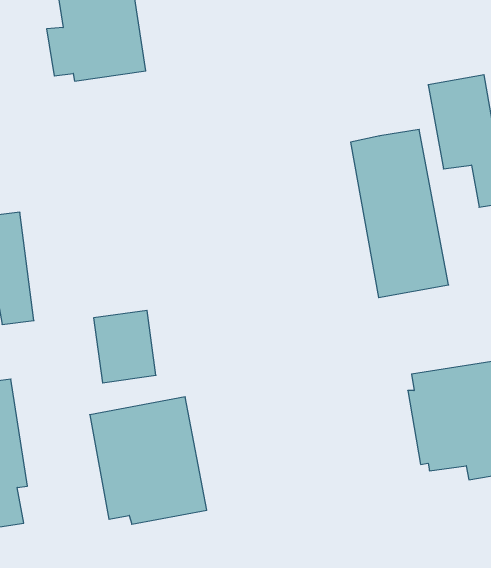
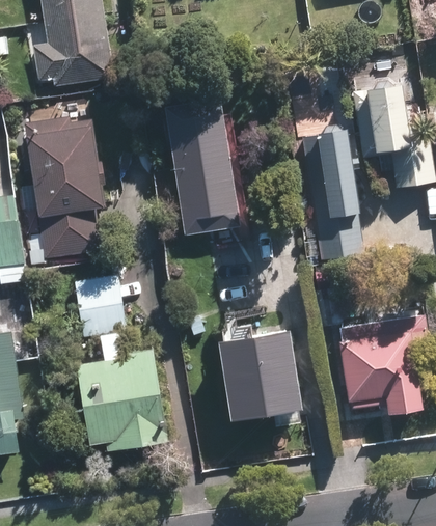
building: none -> [165,99,243,237]
building: none -> [27,118,108,261]
building: none -> [213,327,301,420]

